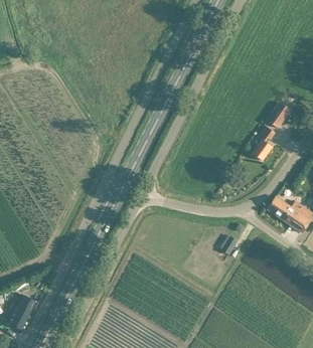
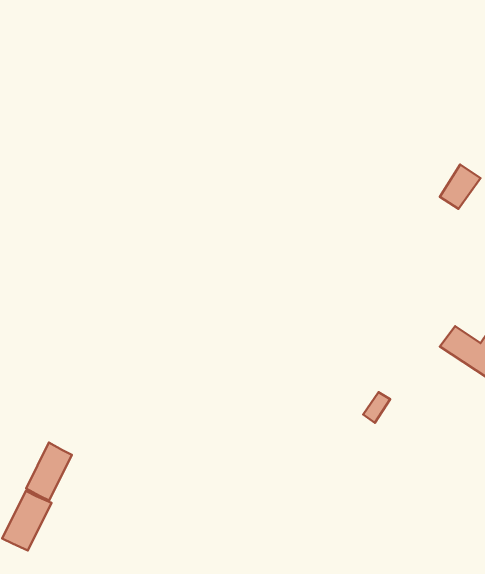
building: [251,126,274,161] -> none
building: none -> [26,443,72,501]

